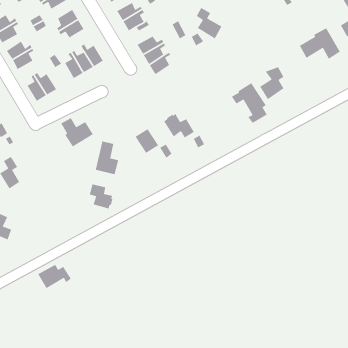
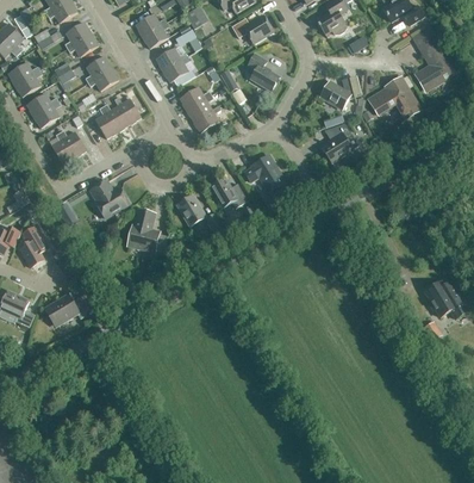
building: none -> [319,78,354,110]
building: [231,82,268,124] -> [244,155,287,204]
building: [89,184,113,209] -> none
building: [37,264,72,289] -> [45,296,86,326]

